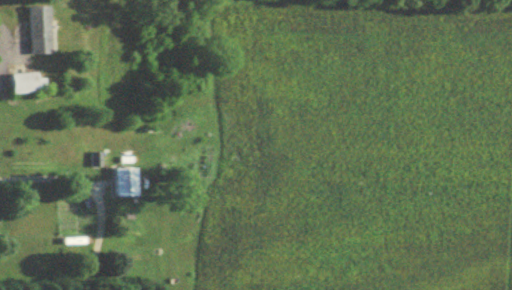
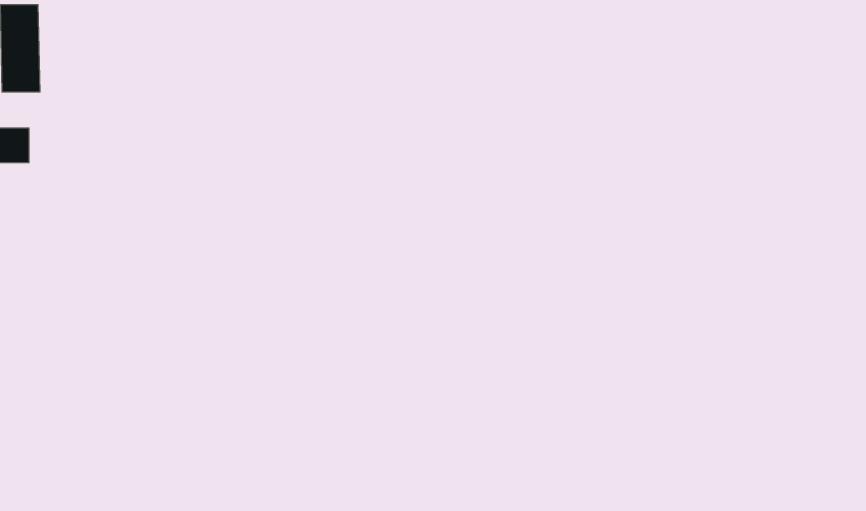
building: [117,167,139,196] -> none

